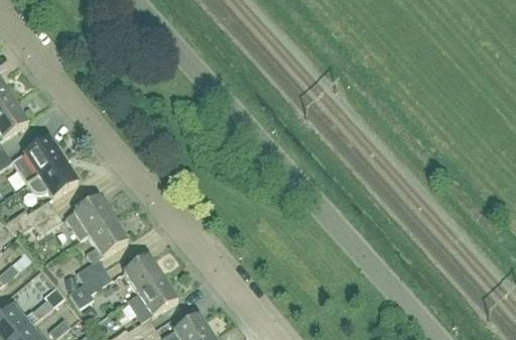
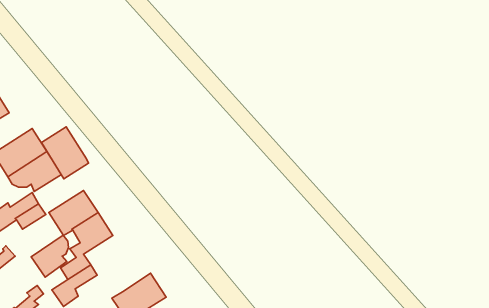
building: none -> [41,127,89,179]
building: none -> [31,235,68,277]
building: [124,253,163,293] -> none

